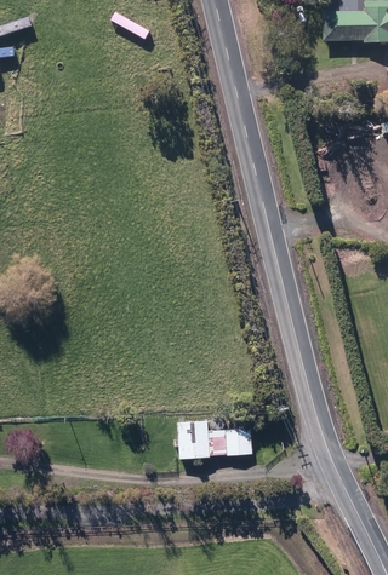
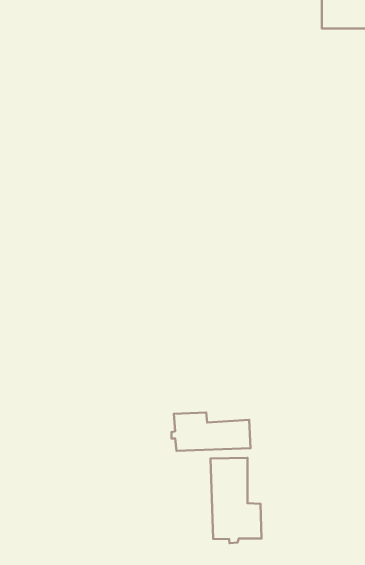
building: none -> [210,458,261,543]

